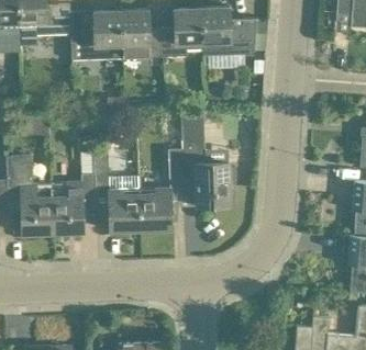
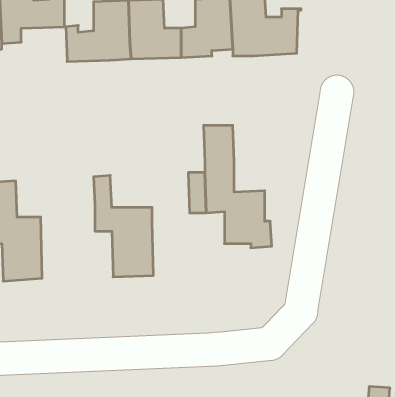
building: [52,172,95,230] -> none
building: [140,185,170,228] -> none

